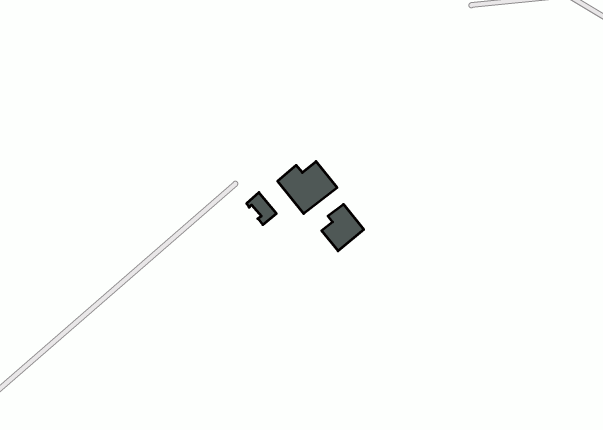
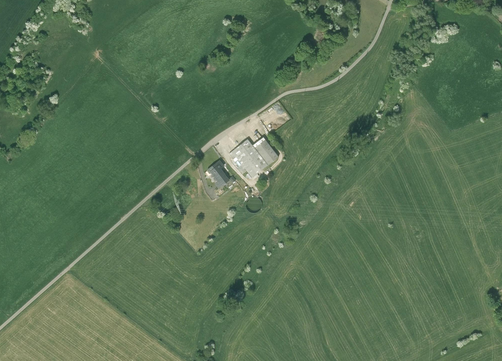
building: [322,204,364,251] -> none

